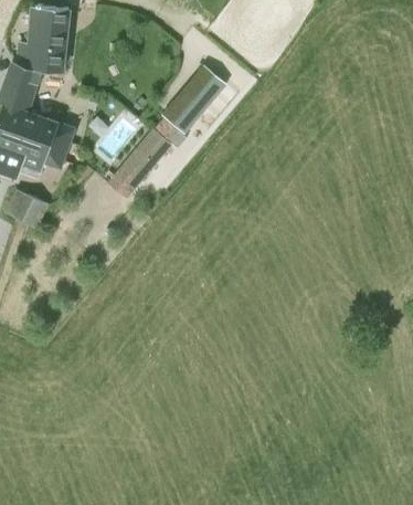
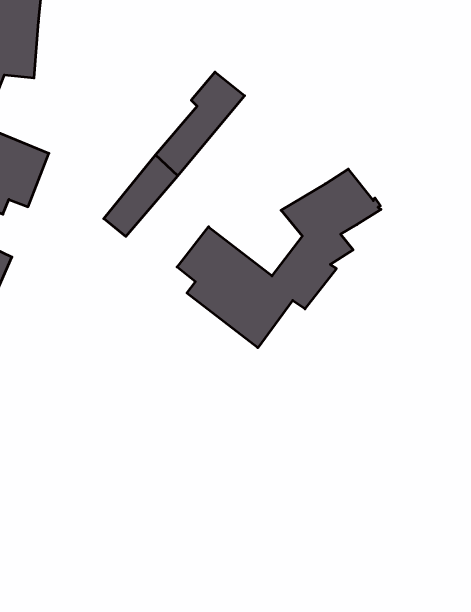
building: none -> [177,169,381,348]

